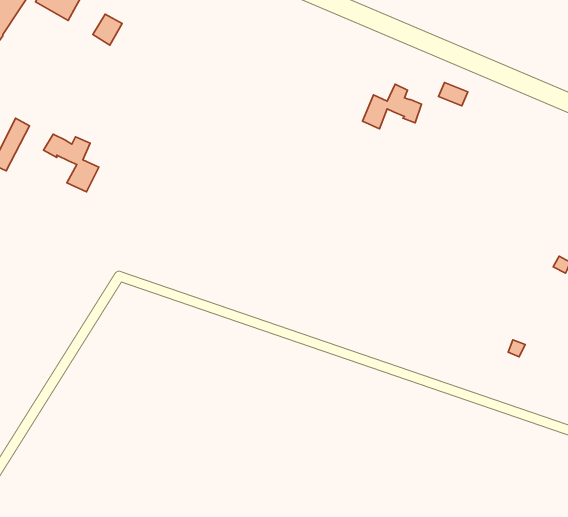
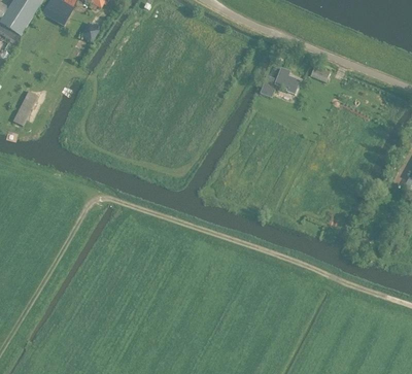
building: [43,134,99,192] -> none

